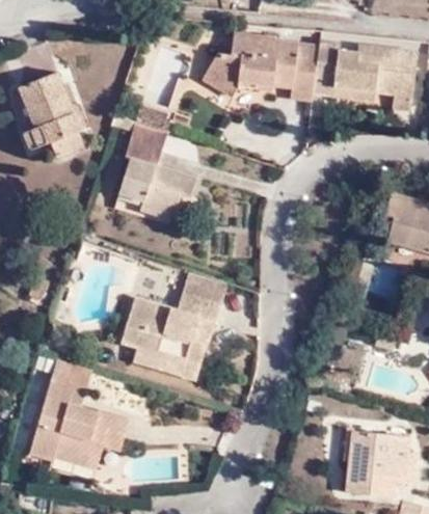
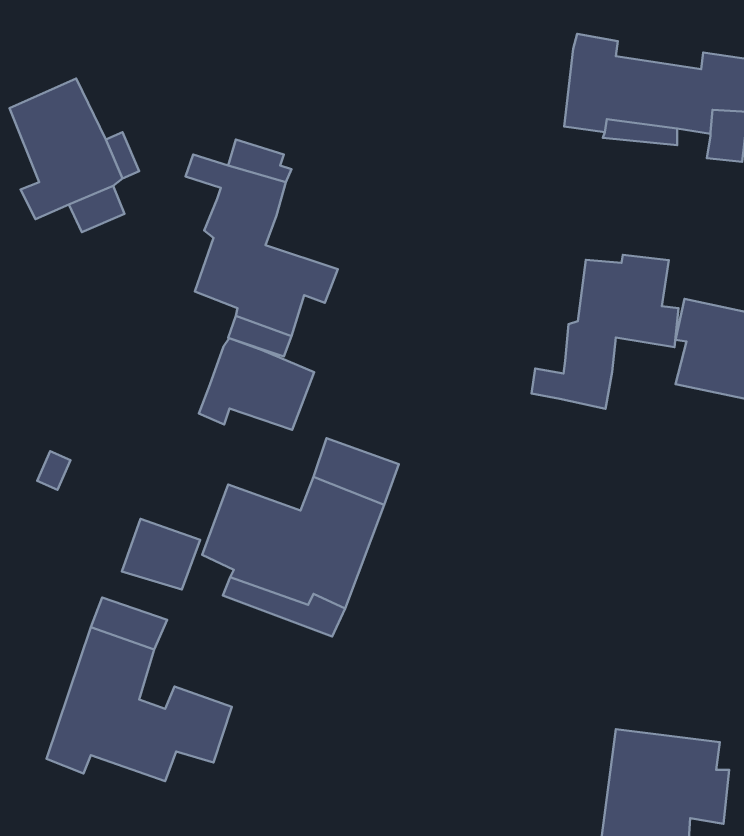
building: [214,38,327,105] -> none
building: none -> [531,255,679,409]
building: none -> [199,338,314,430]
building: none -> [122,519,200,589]

